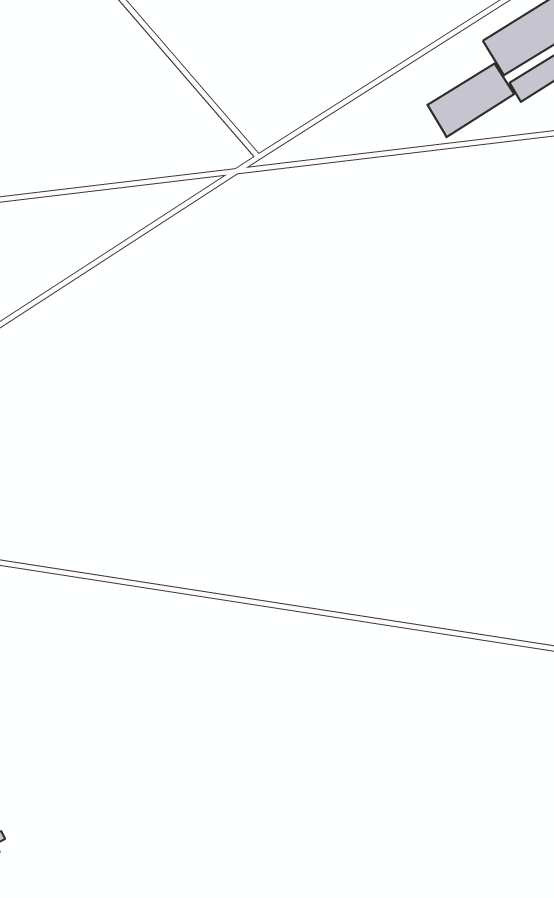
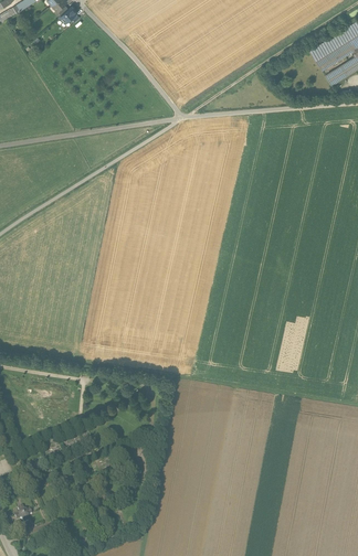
building: [427,63,514,137] -> none

